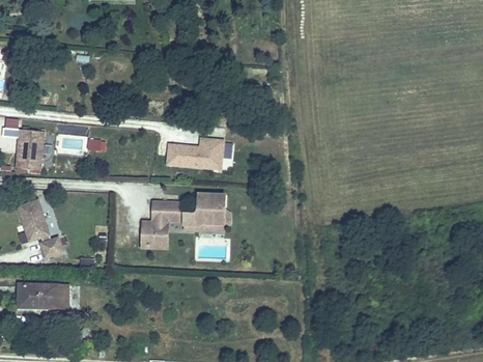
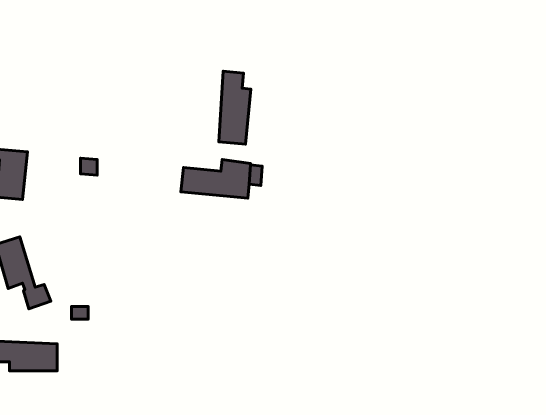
building: none -> [219,71,251,144]
building: [143,194,225,249] -> none

